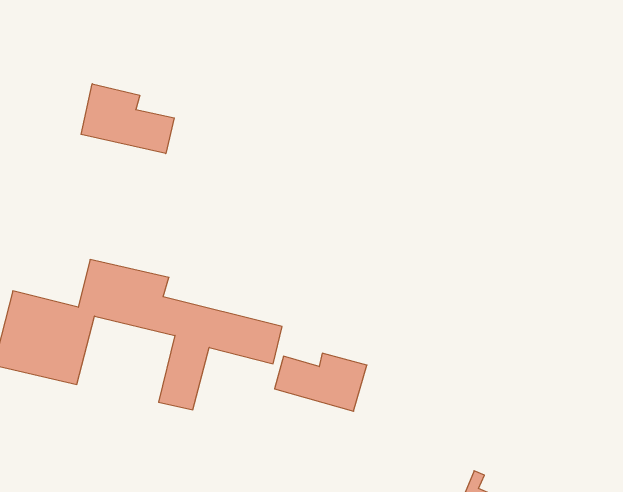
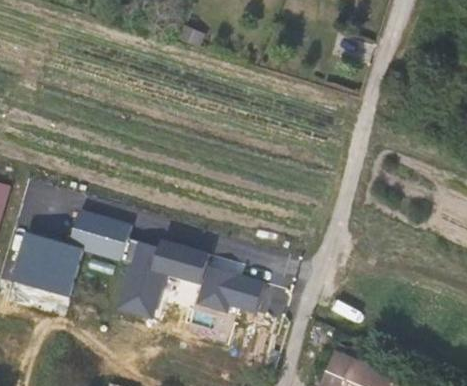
building: [81,84,174,154] -> none

